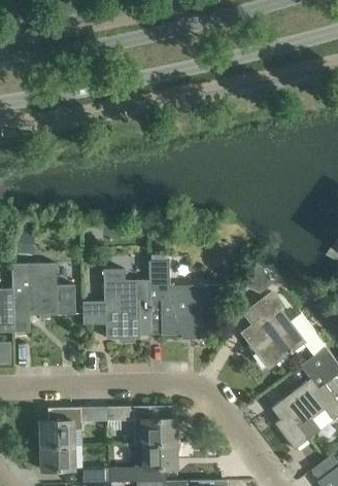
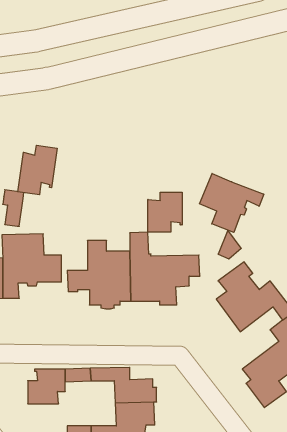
building: none -> [18,145,57,195]
building: none -> [200,173,264,232]
building: none -> [148,192,182,232]
building: [40,445,73,471] -> none

